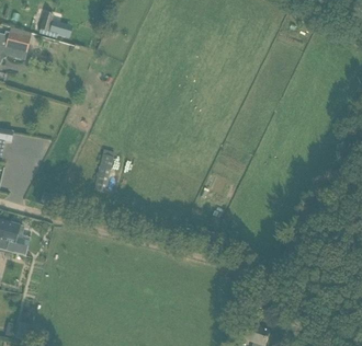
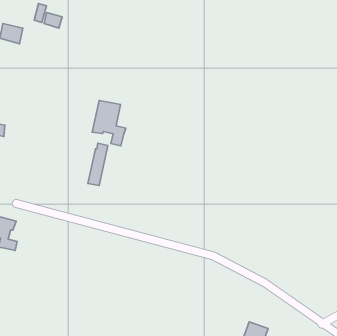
building: none -> [92,100,126,146]

